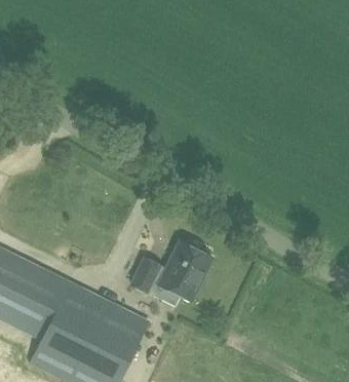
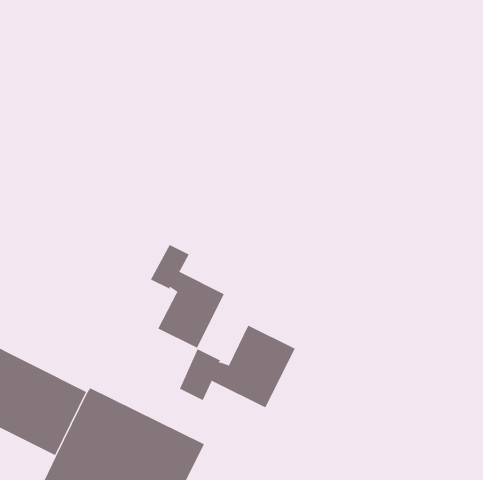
building: none -> [150,244,225,349]

